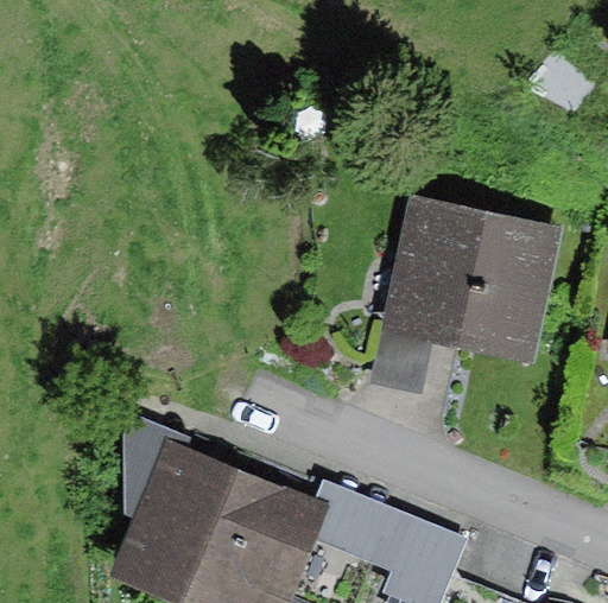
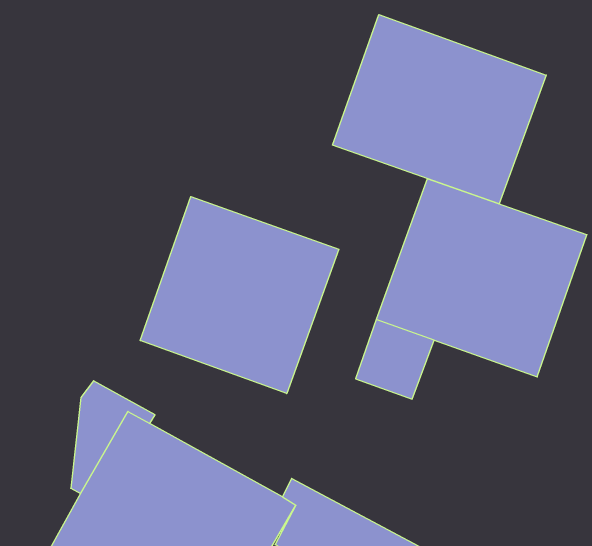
building: none -> [332,15,546,204]
building: none -> [140,197,339,394]

